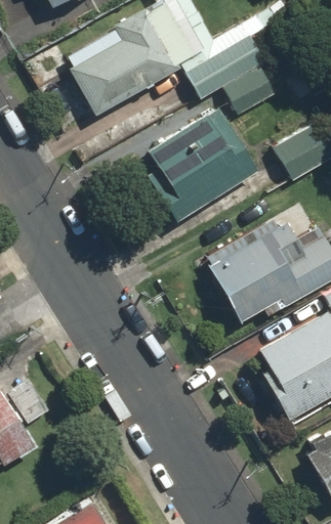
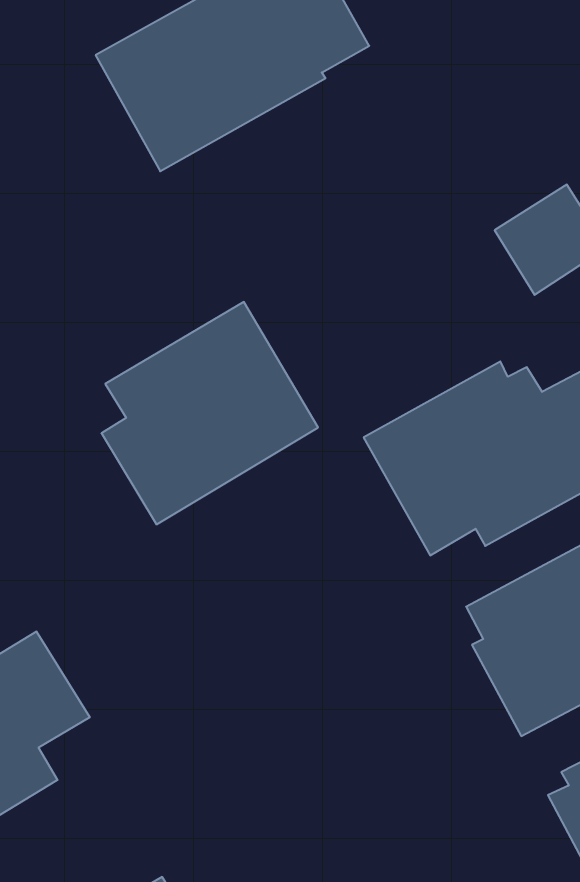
building: [184,34,286,119] -> none
building: [146,104,262,224] -> [101,302,318,524]

